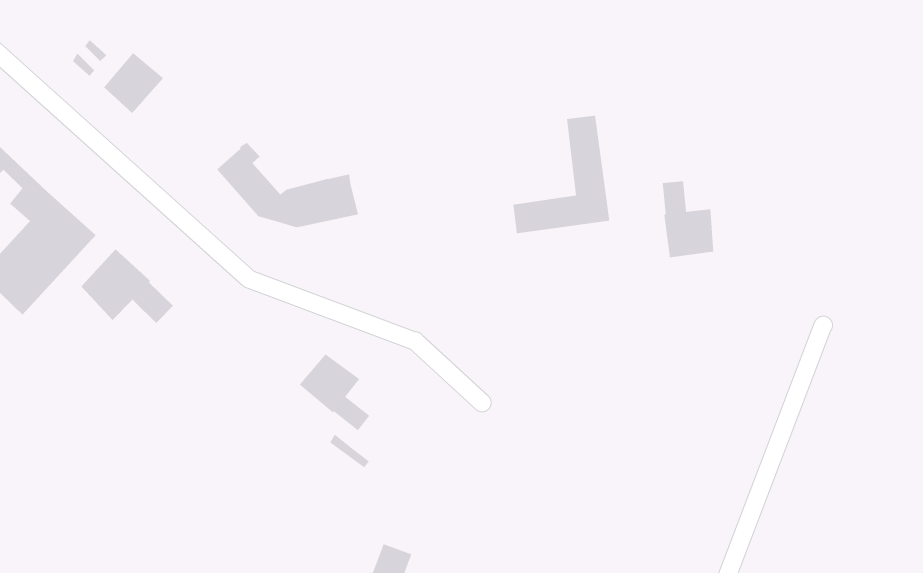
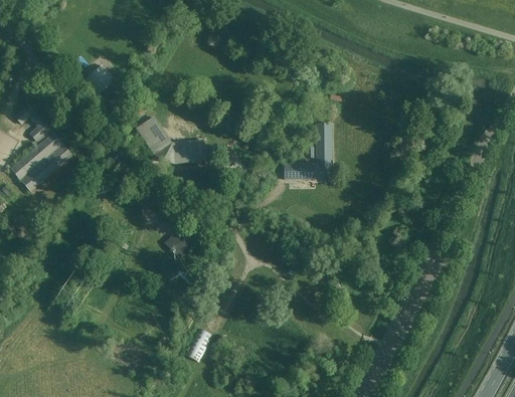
building: [662,180,714,258] -> none
building: [80,248,174,324] -> none

